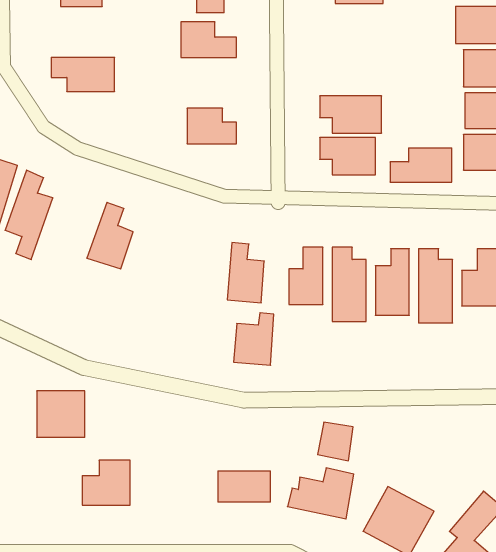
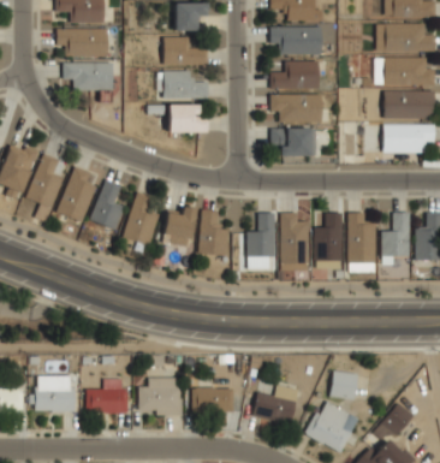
building: none -> [270,28,321,55]
building: none -> [57,30,106,59]
building: none -> [163,70,207,99]
building: [390,148,452,182] -> [270,63,319,89]
building: none -> [57,165,97,224]
building: none -> [123,191,161,248]
building: [234,313,274,365] -> [163,206,195,247]
building: [37,391,85,437] -> [35,376,72,412]
building: [318,422,353,461] -> [331,370,358,400]
building: none -> [139,379,182,415]

